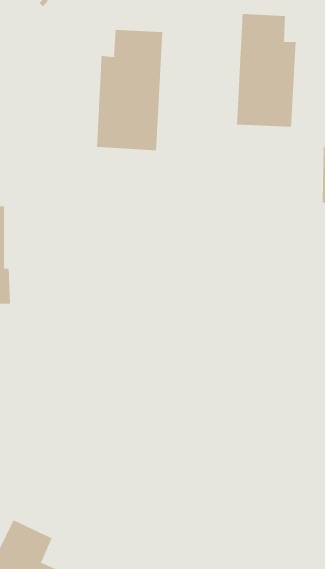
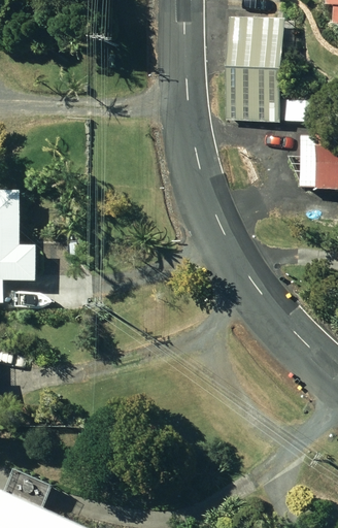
building: [97,29,163,151] -> none

